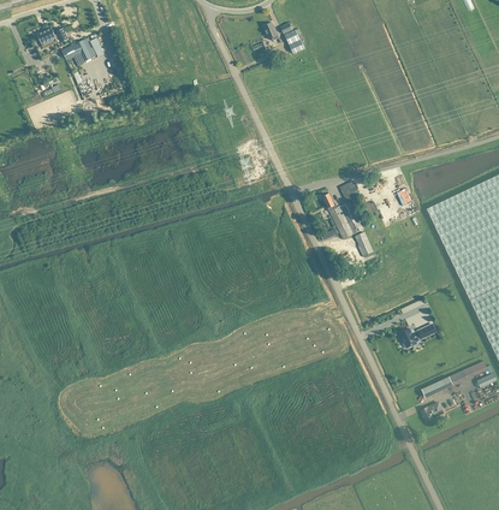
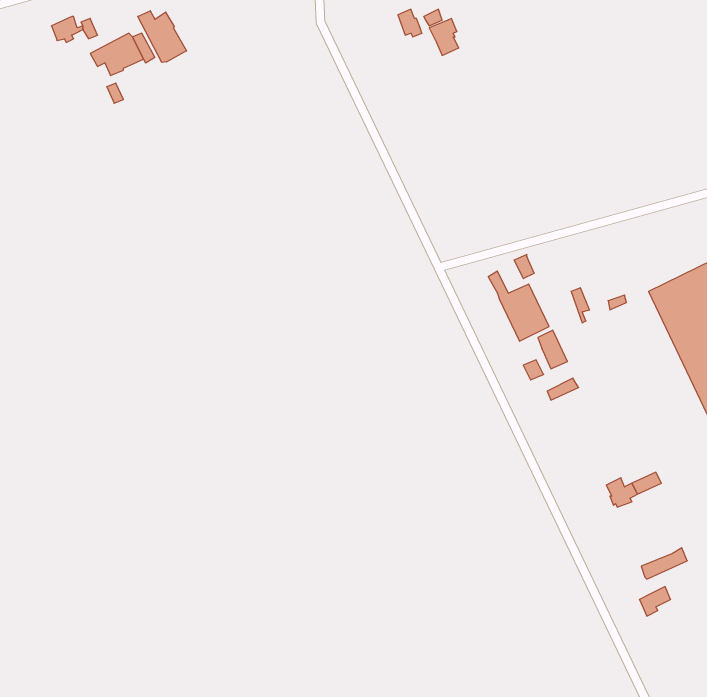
building: none -> [138,11,187,62]

